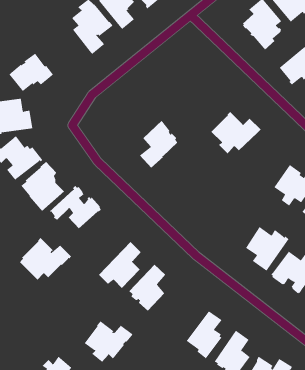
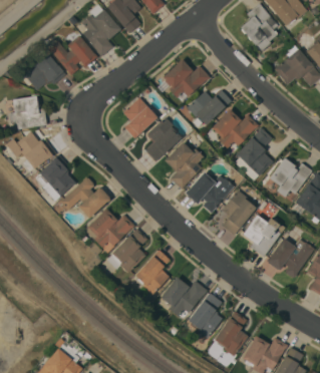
building: none -> [49,35,97,75]
building: none -> [164,58,210,98]
building: none -> [188,89,232,127]
building: none -> [123,97,157,138]
building: none -> [235,127,274,180]
building: none -> [165,141,204,189]
building: none -> [186,171,235,213]
building: none -> [222,190,257,235]
building: [19,237,72,280] -> [86,208,135,248]
building: [84,320,134,363] -> [162,277,208,316]

